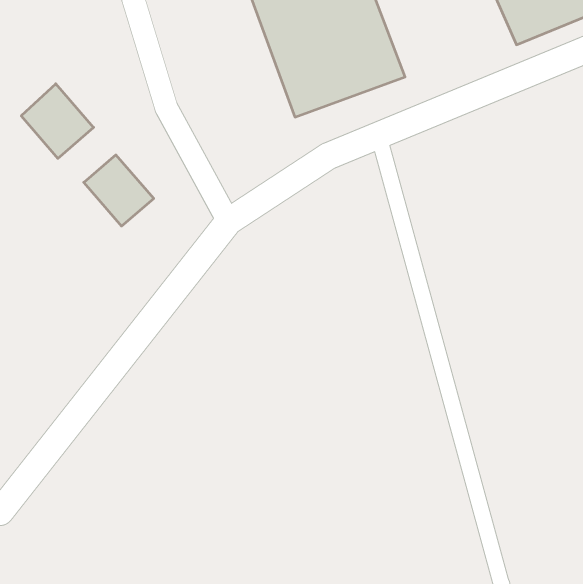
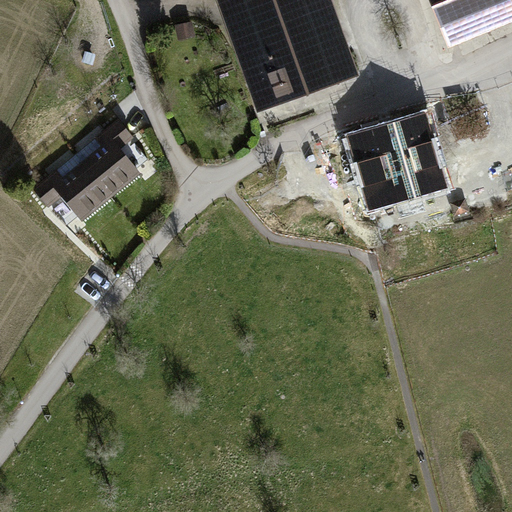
building: [21,84,94,158] -> [46,159,109,224]
building: none -> [347,109,451,204]

